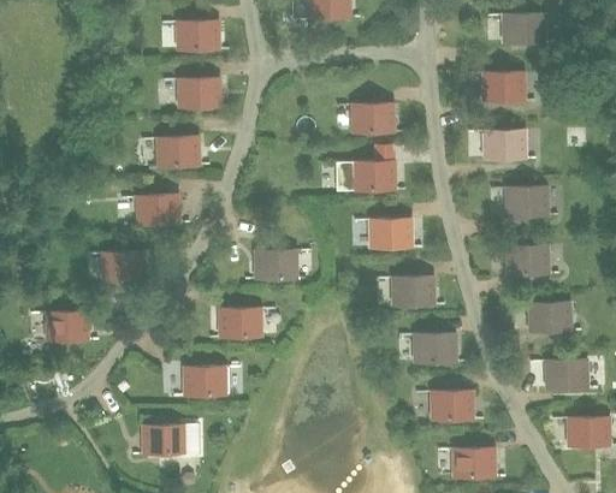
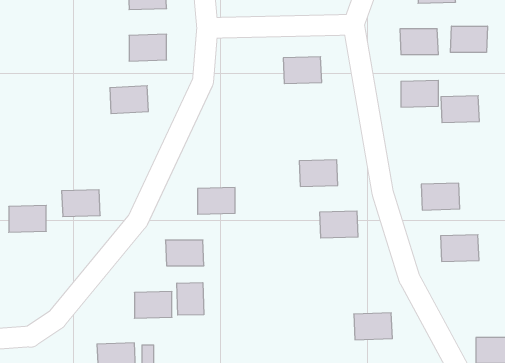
building: none -> [450,26,487,52]
building: [336,161,396,191] -> none
building: [505,186,549,216] -> [441,96,479,123]
building: [136,195,180,226] -> none
building: [46,311,88,341] -> [9,205,46,232]
building: [414,334,457,363] -> none
building: none -> [177,283,204,315]
building: [545,360,588,390] -> none

